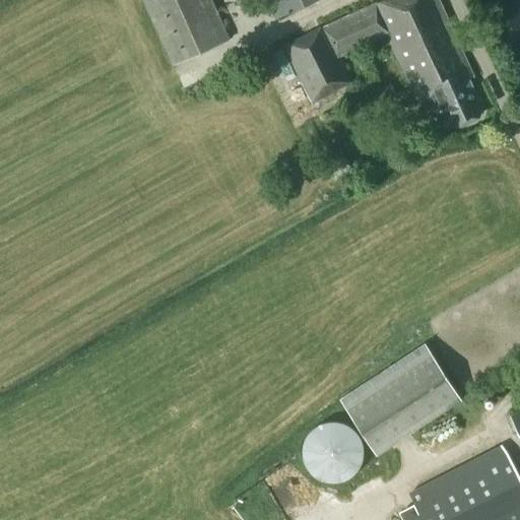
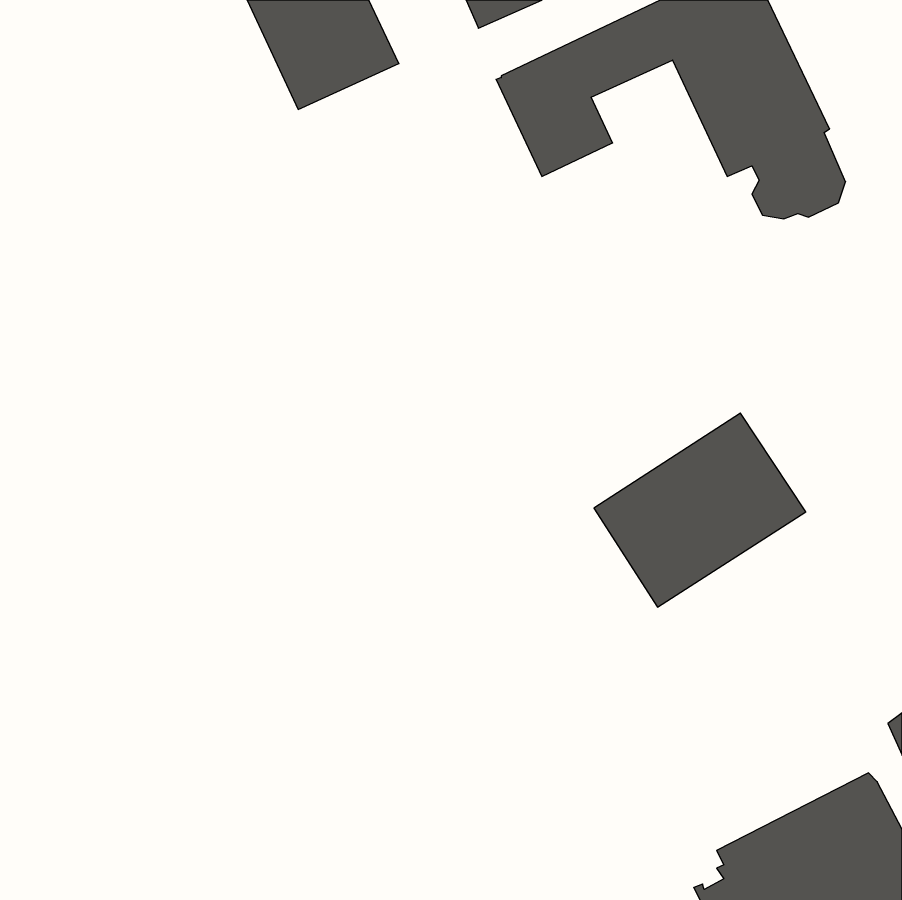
building: [340,344,462,456] -> [594,413,806,607]
building: [302,421,363,482] -> none

